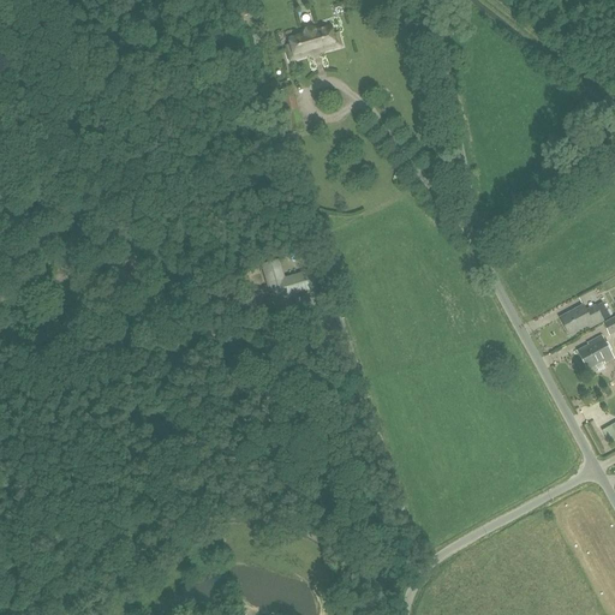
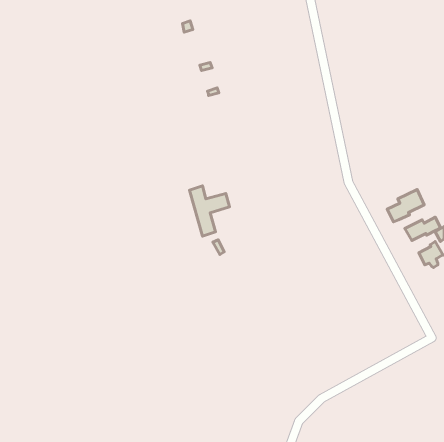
building: [289,25,341,53] -> none
building: none -> [387,189,424,222]

